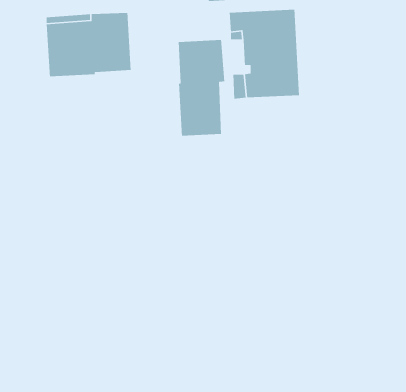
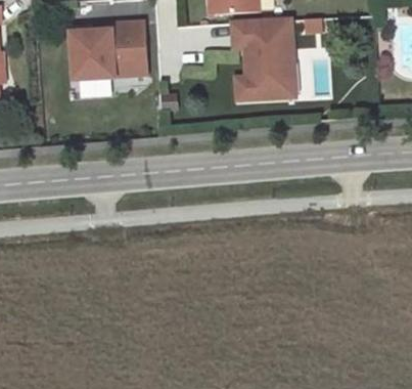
building: [178,39,225,136] -> none

